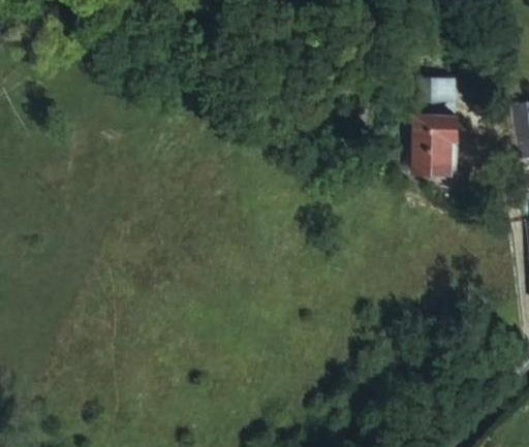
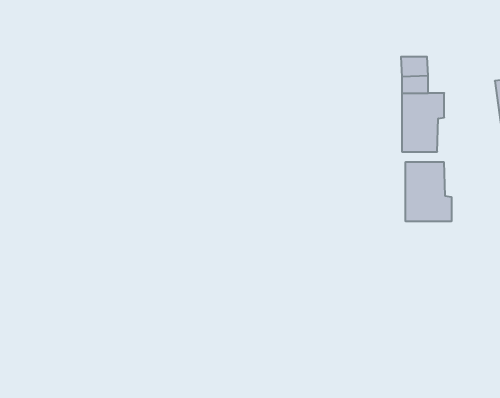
building: none -> [406,162,451,221]

